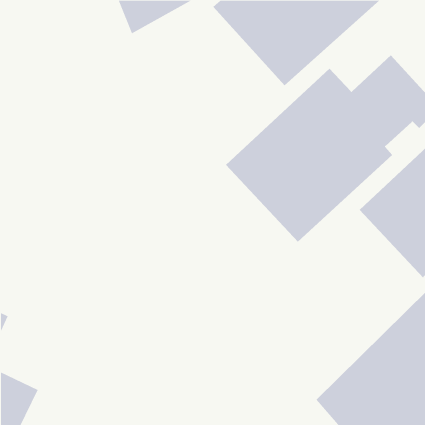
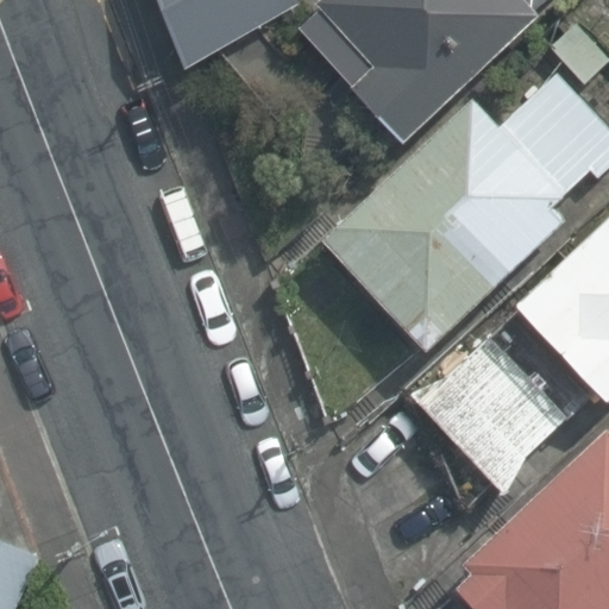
building: none -> [420,345,579,504]

